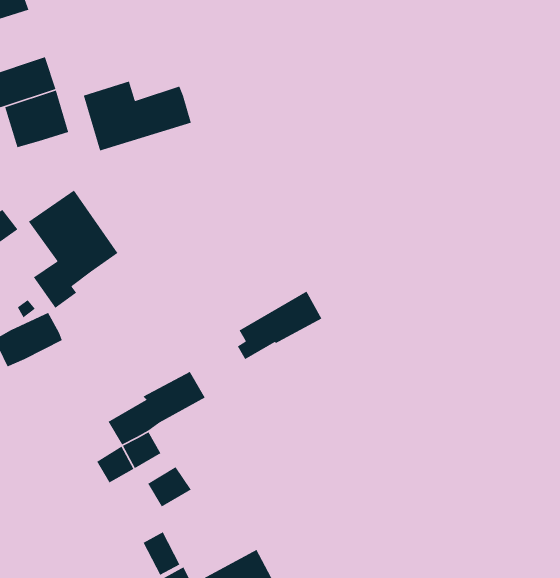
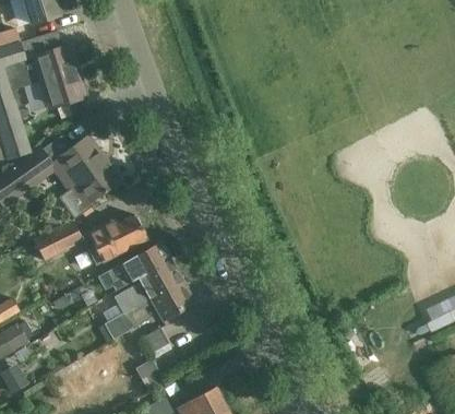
building: [83,80,192,152] -> none
building: [237,290,323,360] -> [110,243,169,291]
building: none -> [80,215,145,267]
building: none -> [148,281,194,322]

